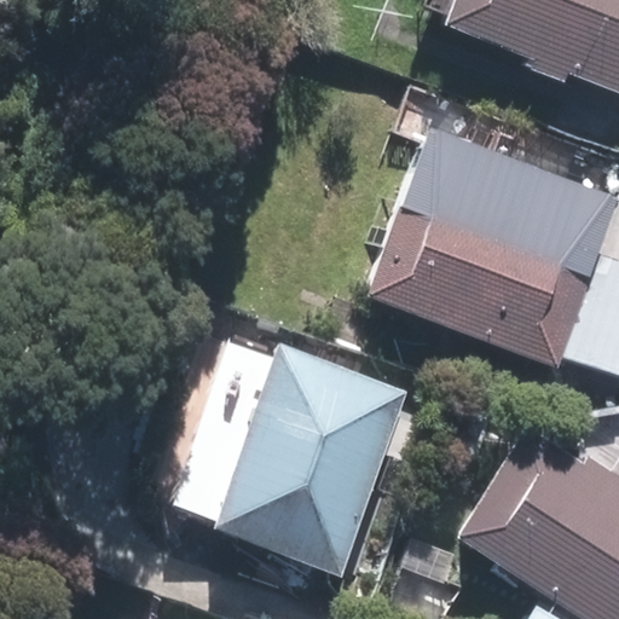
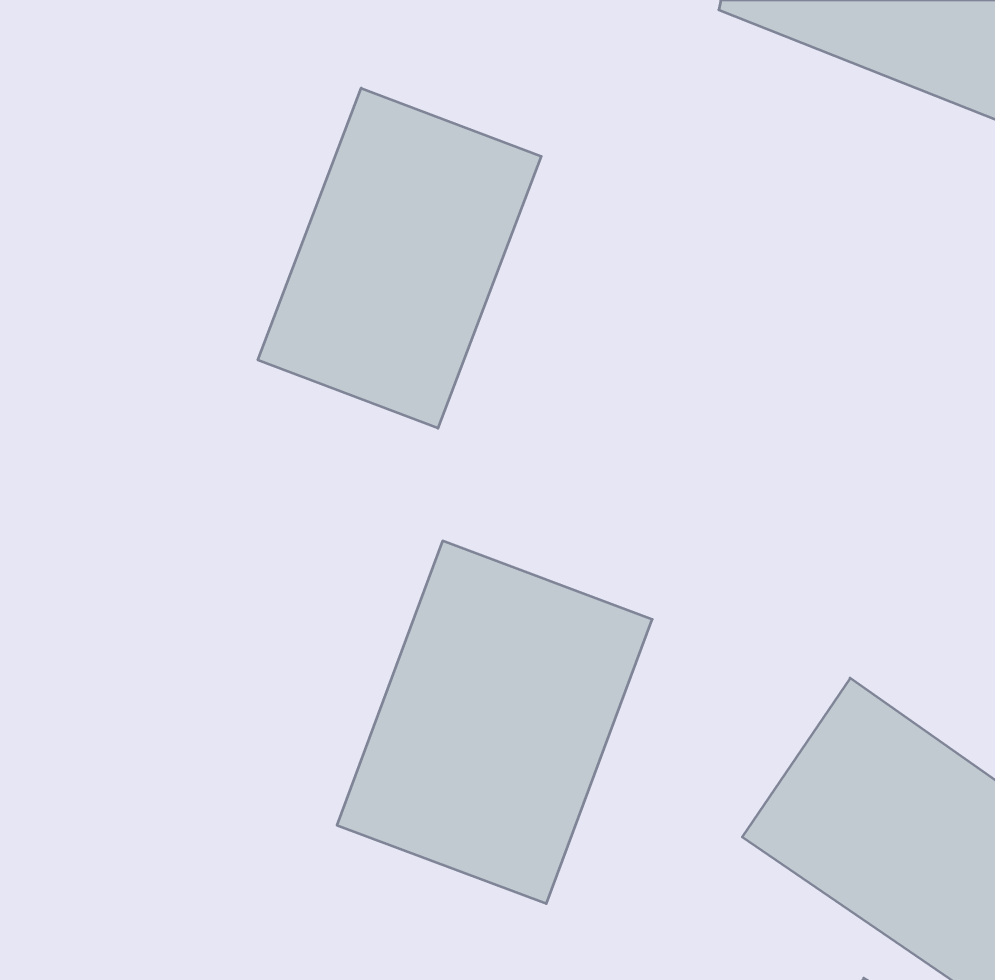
building: none -> [258,88,541,428]
building: [365,173,591,359] -> none

